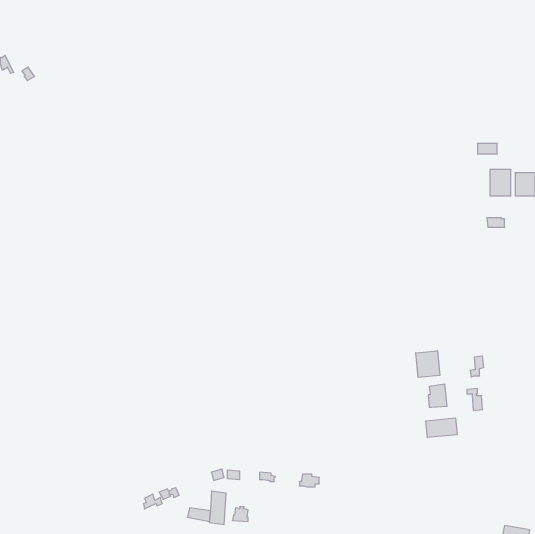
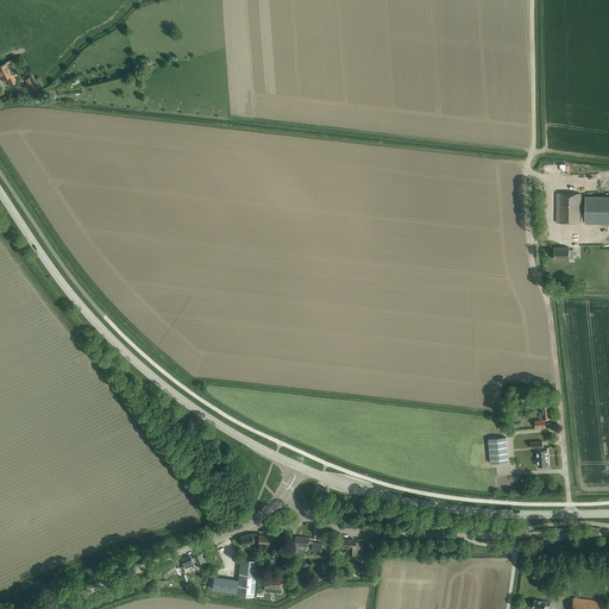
building: [416,351,440,377] -> none
building: [426,418,457,438] -> none

